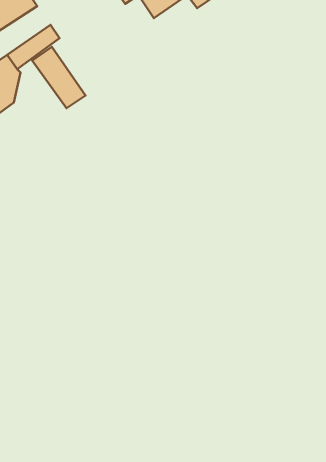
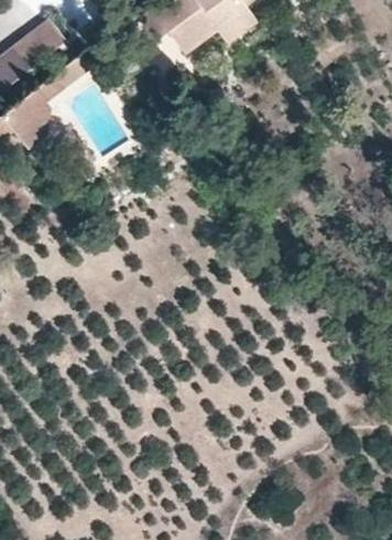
building: [32,47,86,108] -> none

